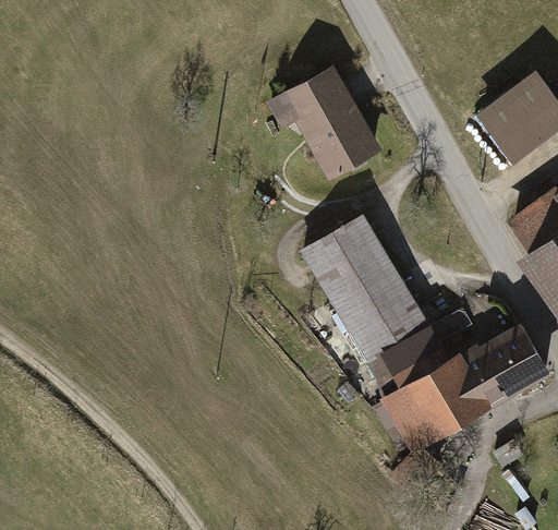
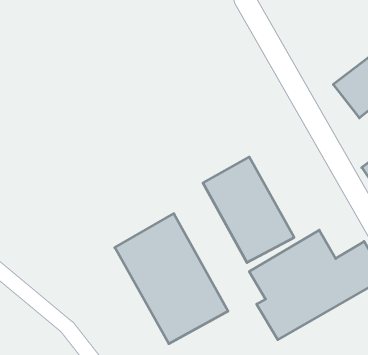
building: [282,68,377,174] -> none
building: none -> [115,214,228,344]

